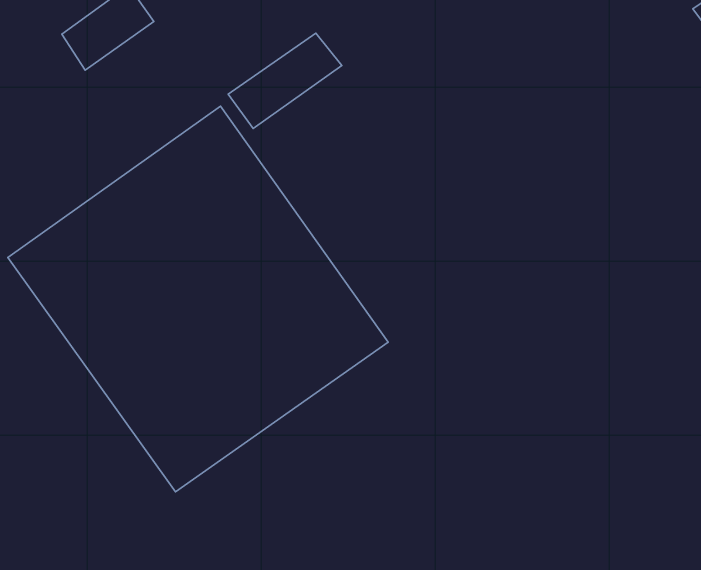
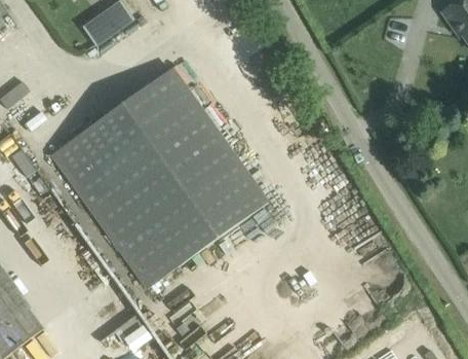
building: [228,33,342,129] -> none

